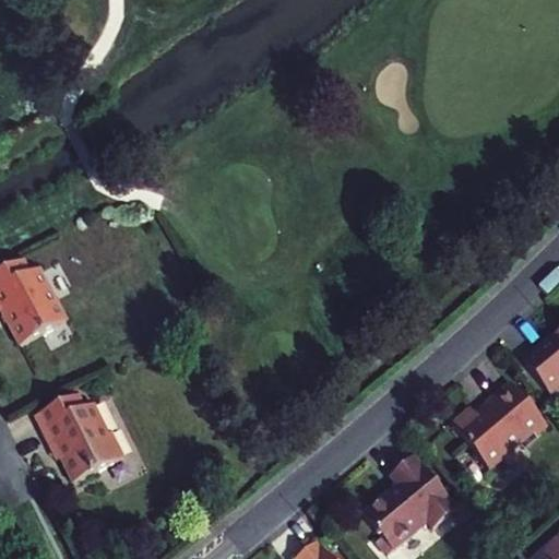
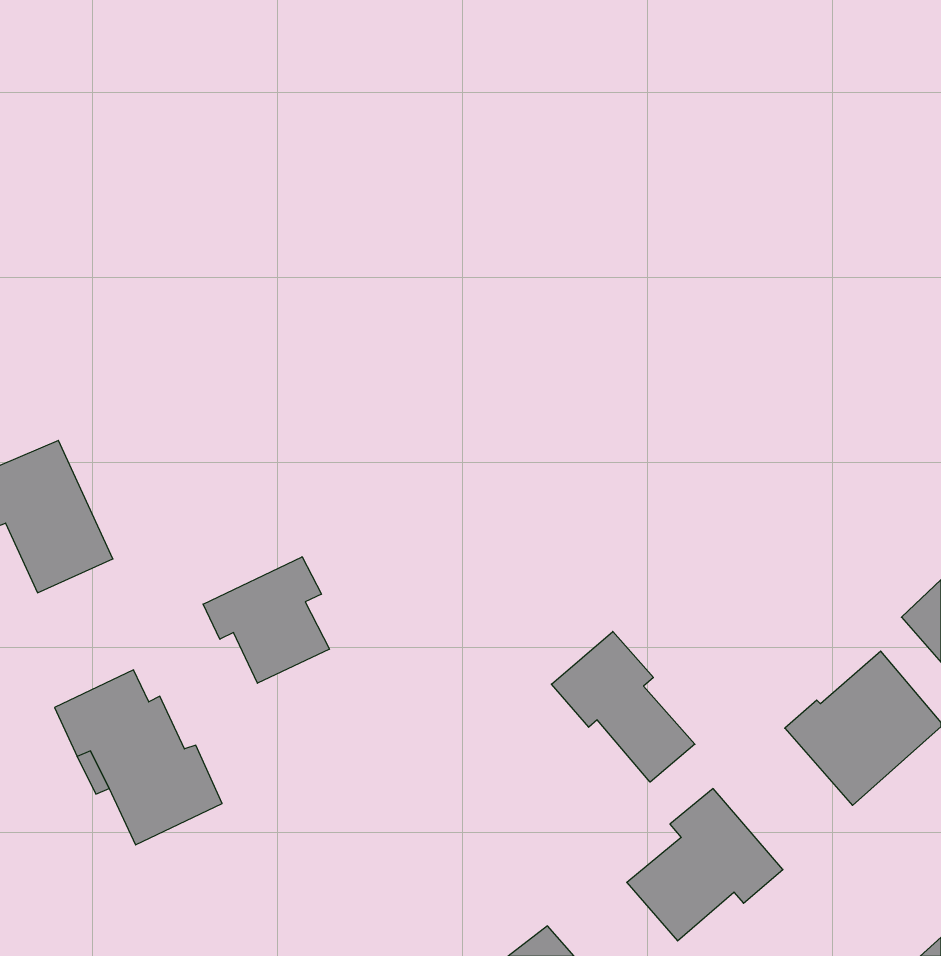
building: none -> [203,557,329,683]
building: none -> [551,631,695,782]

